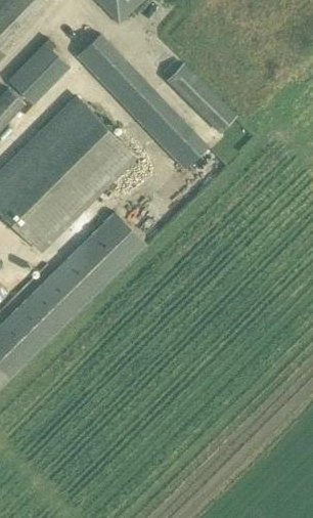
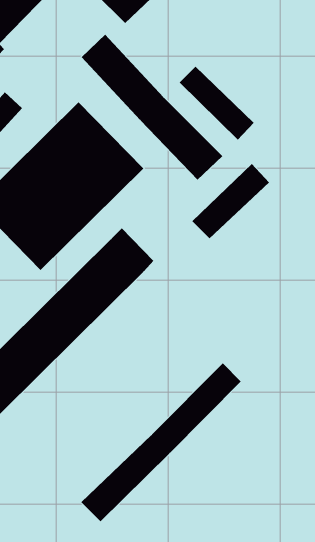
building: [8,39,70,104] -> none
building: none -> [192,163,270,239]
building: none -> [81,363,242,522]

